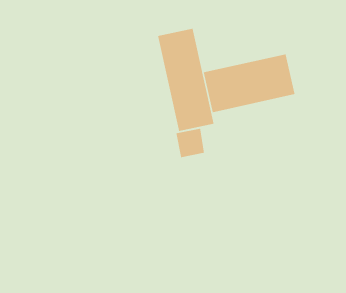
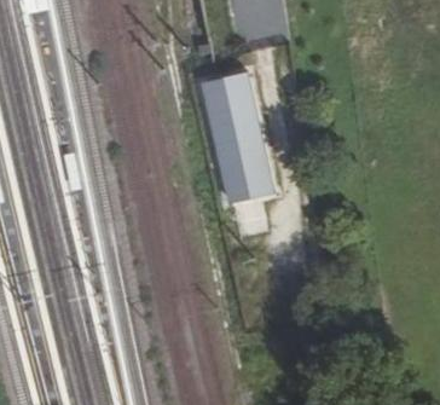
building: [203,53,295,113] -> none

